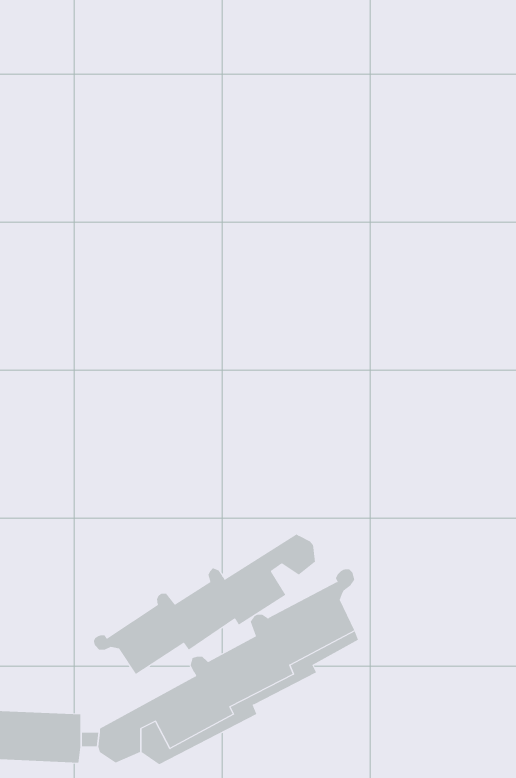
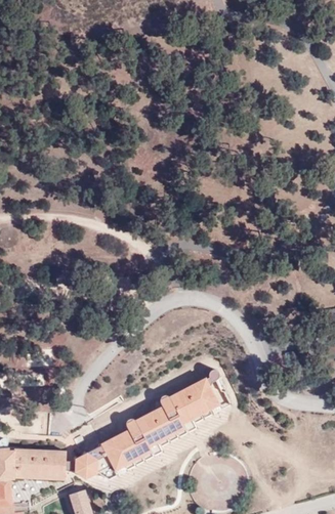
building: [93,533,316,675] -> none

